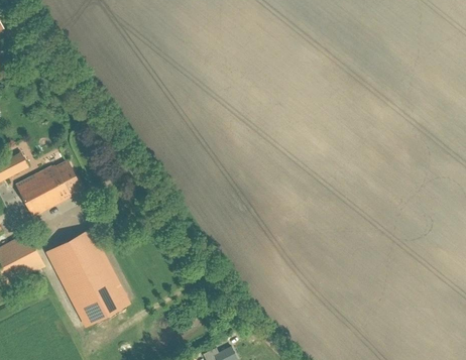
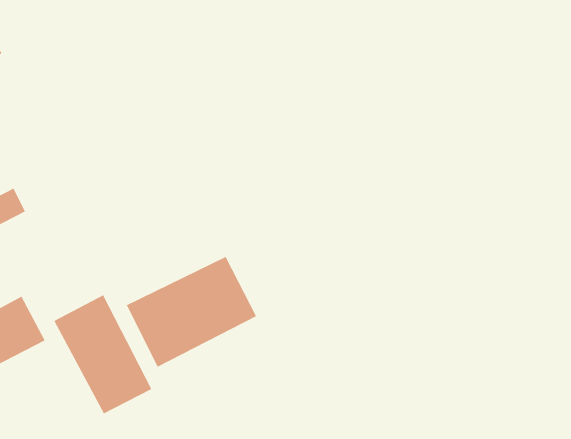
building: [16,161,82,218] -> none
building: none -> [126,256,257,367]

